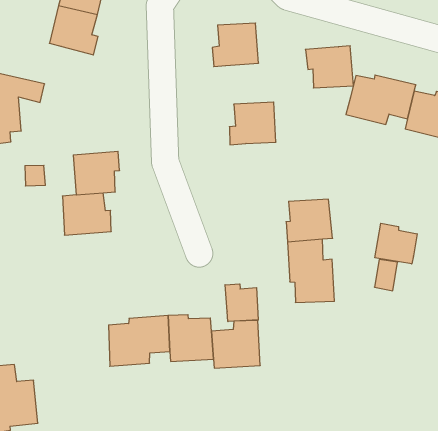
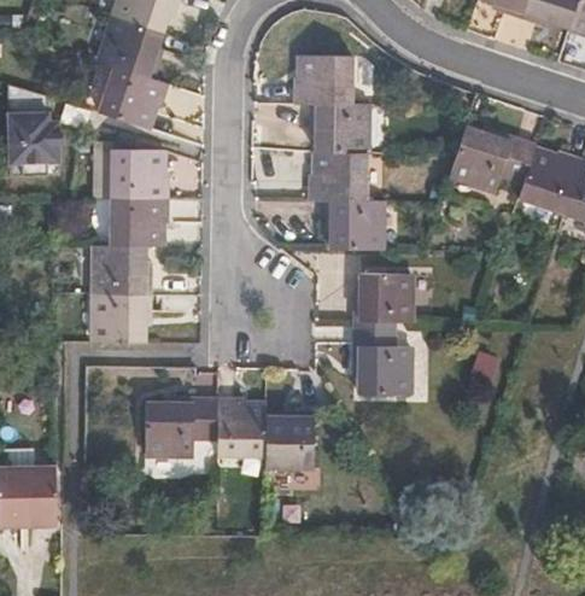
building: [305,46,353,88] -> [308,105,362,153]
building: none -> [95,66,164,129]
building: none -> [116,148,170,198]
building: none -> [323,200,379,251]
building: [375,223,417,264] -> none
building: none -> [98,293,154,343]
building: [225,284,258,322] -> none

